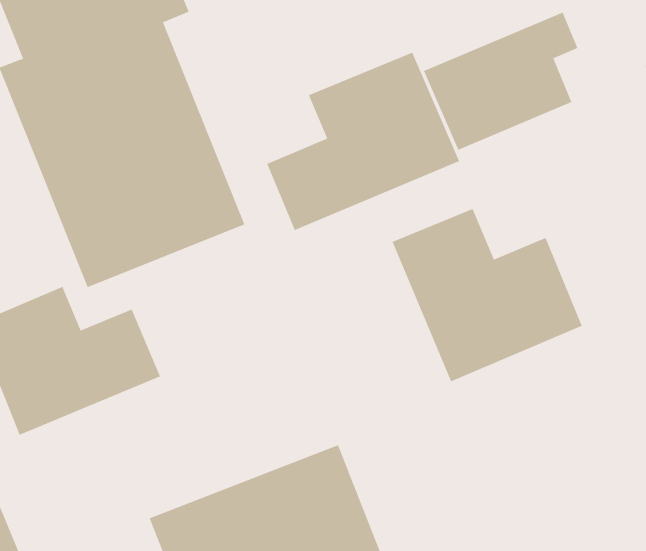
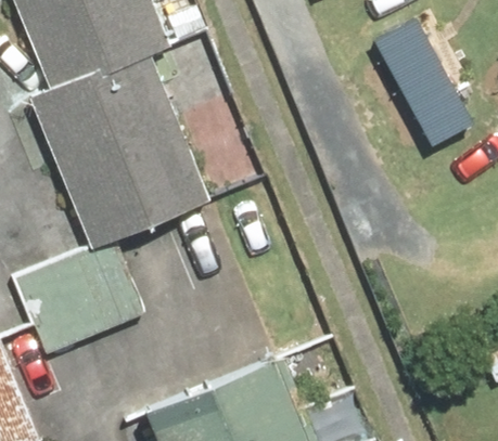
building: [267,52,460,231] -> none
building: [392,208,582,382] -> none

